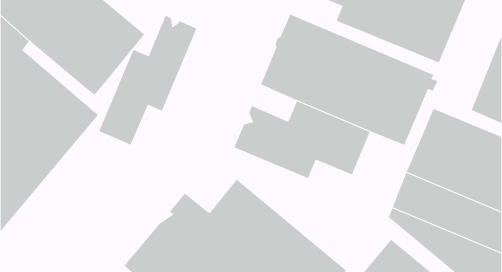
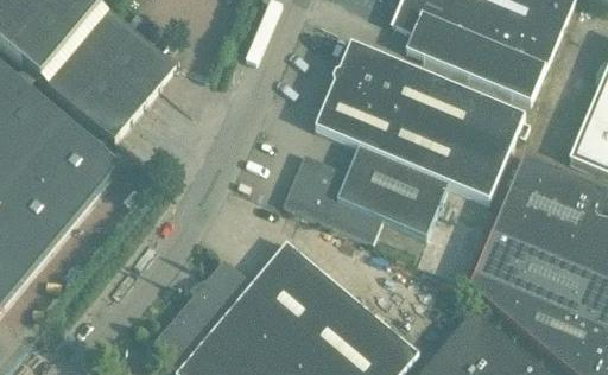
building: [99,15,197,146] -> none

